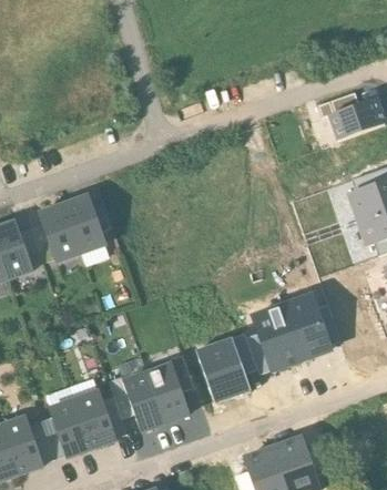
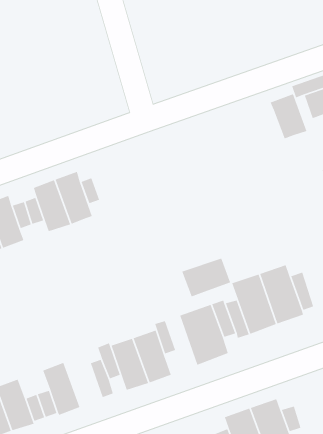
building: none -> [269,93,308,140]
building: none -> [181,258,231,297]
building: [73,391,114,448] -> none

